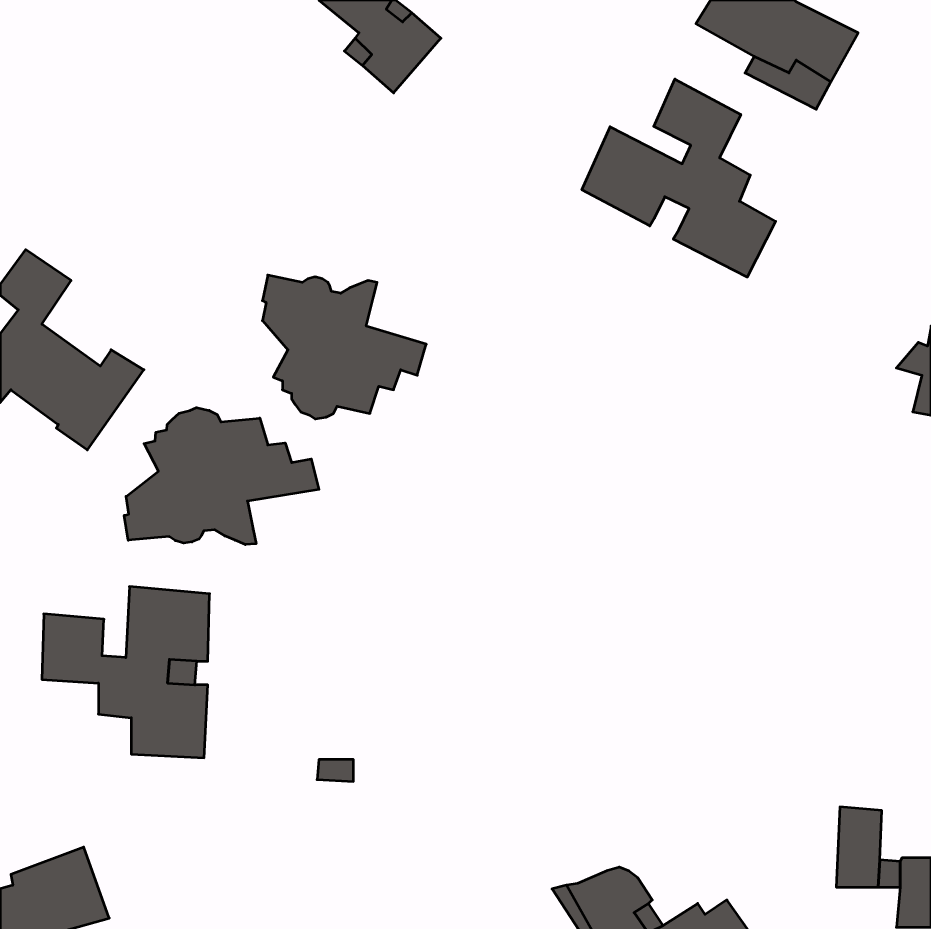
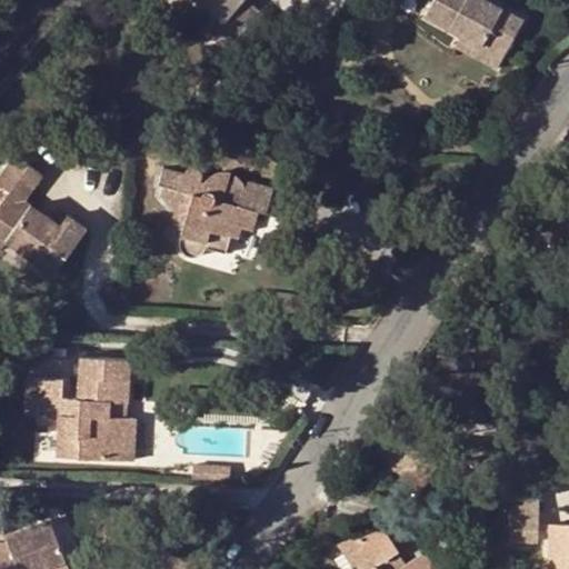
building: [582,79,776,277] -> none
building: none -> [223,178,273,212]
building: [124,408,319,545] -> none

